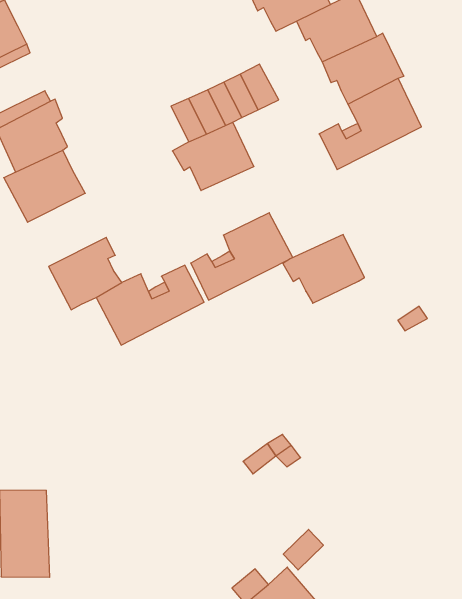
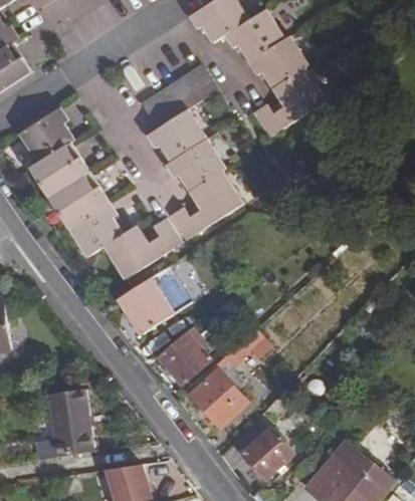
building: none -> [48,174,107,230]
building: [283,235,364,303] -> [166,140,226,192]
building: none -> [117,263,191,333]
building: none -> [156,332,205,384]
building: none -> [188,370,244,428]

